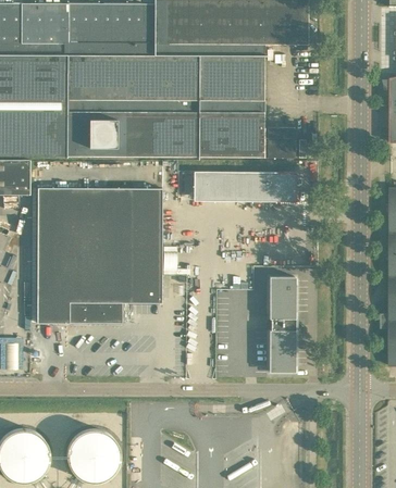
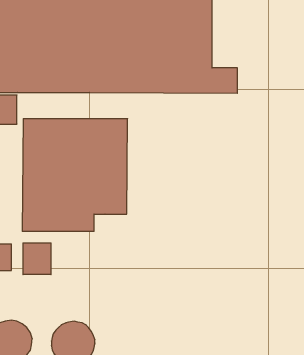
building: [193,171,294,201] -> none
building: [269,276,296,372] -> none
building: none -> [23,243,51,275]

